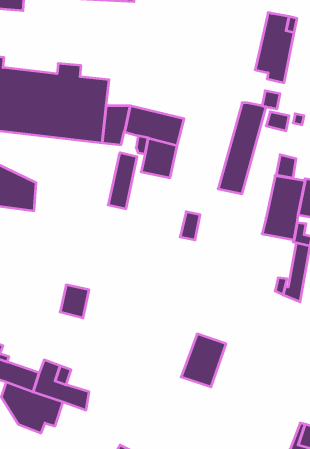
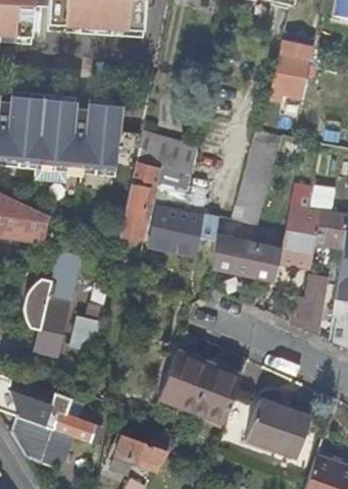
building: none -> [150,207,200,254]
building: none -> [213,234,282,280]
building: none -> [26,255,81,357]
building: none -> [163,354,211,411]
building: none -> [247,394,313,458]
building: none -> [110,432,168,476]

